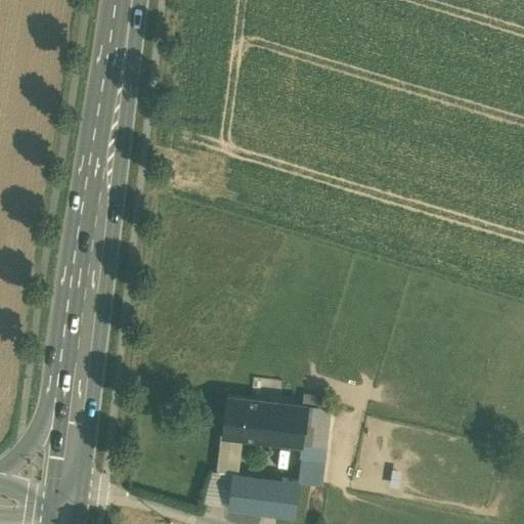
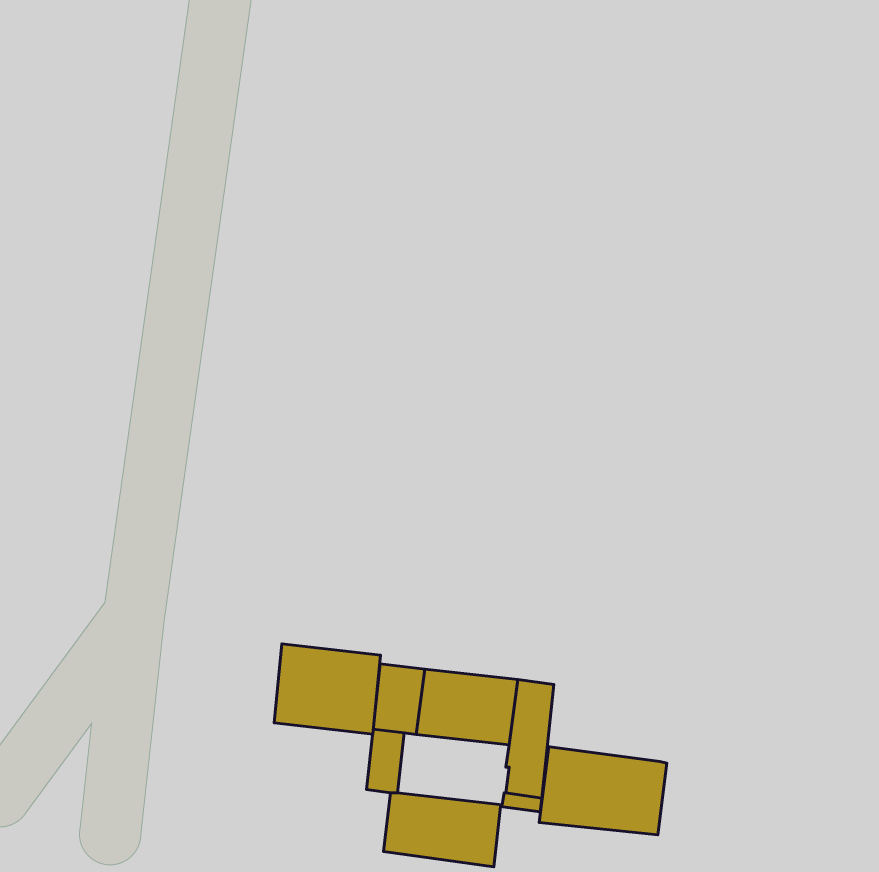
building: none -> [274,644,380,734]
building: none -> [539,746,667,835]

